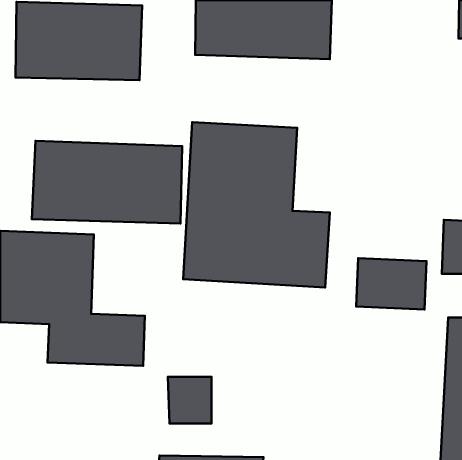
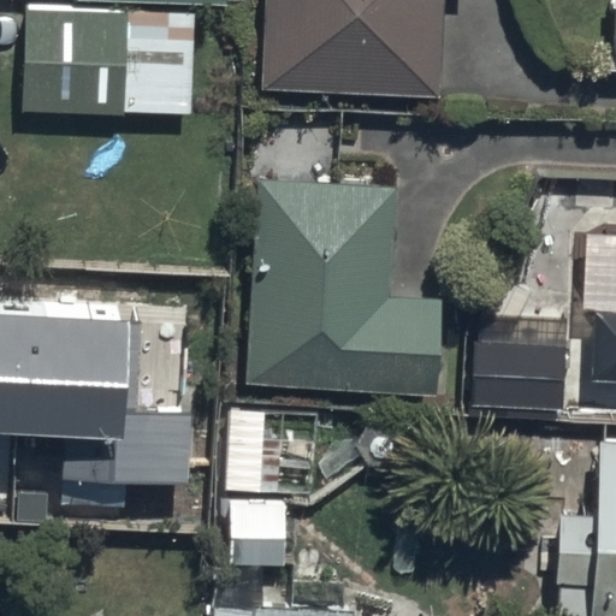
building: [32,141,182,223] -> none

